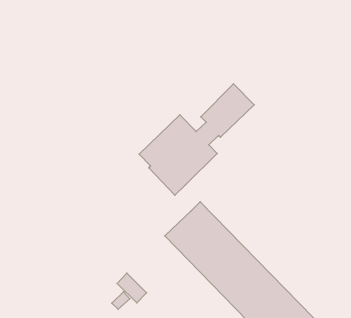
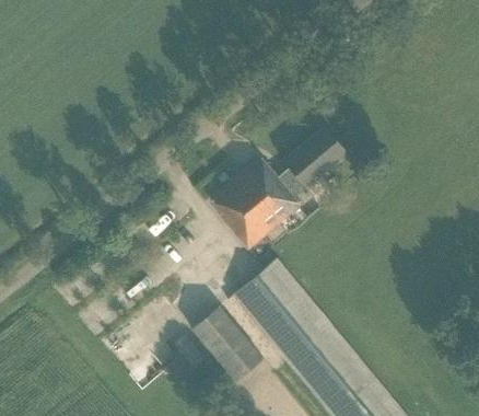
building: none -> [192,307,264,381]

